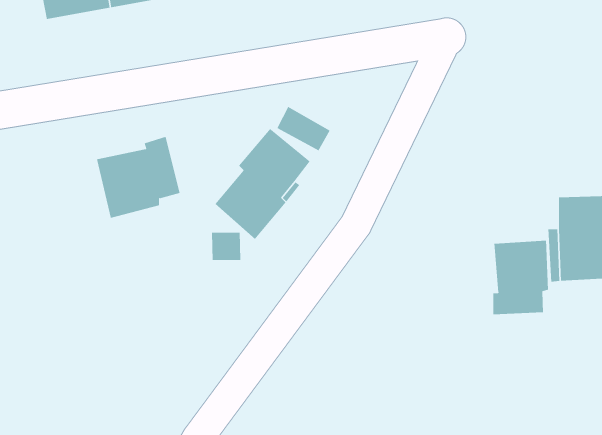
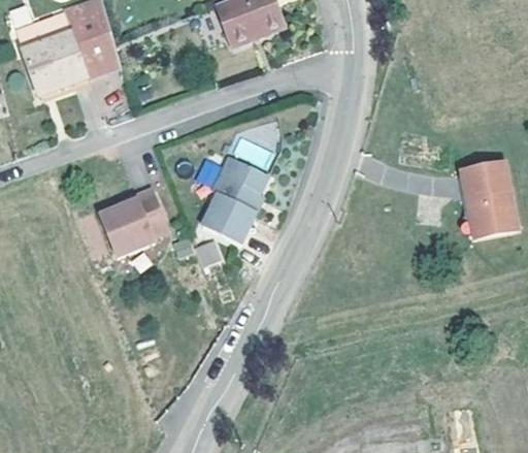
building: [493,240,548,315] -> none

